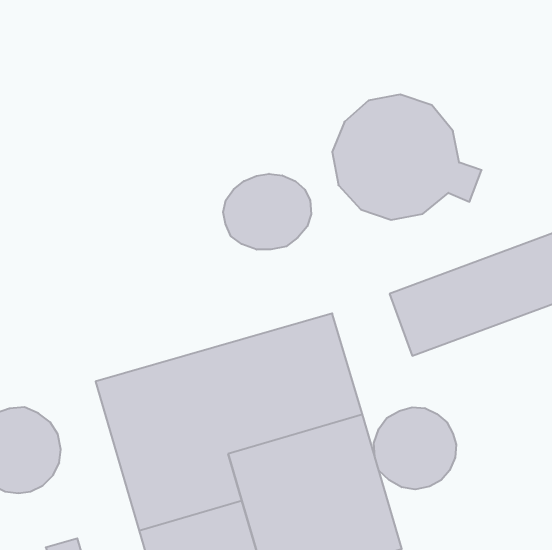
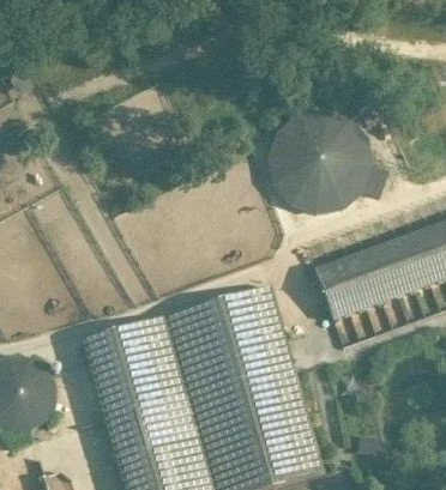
building: [223,174,311,250] -> none
building: [374,407,456,489] -> none

